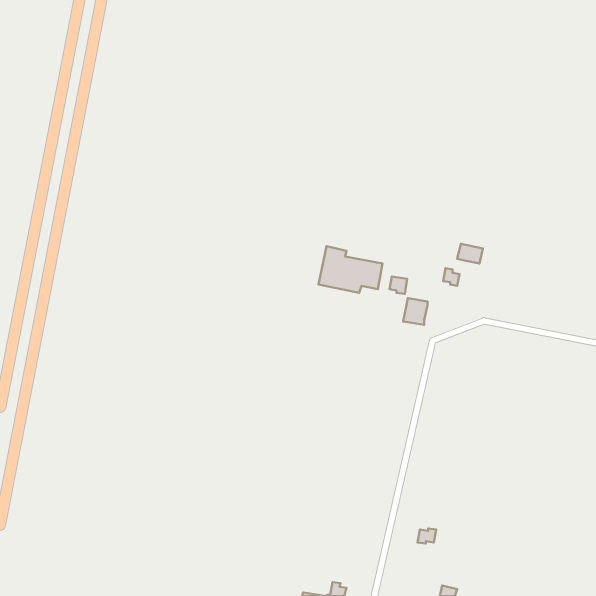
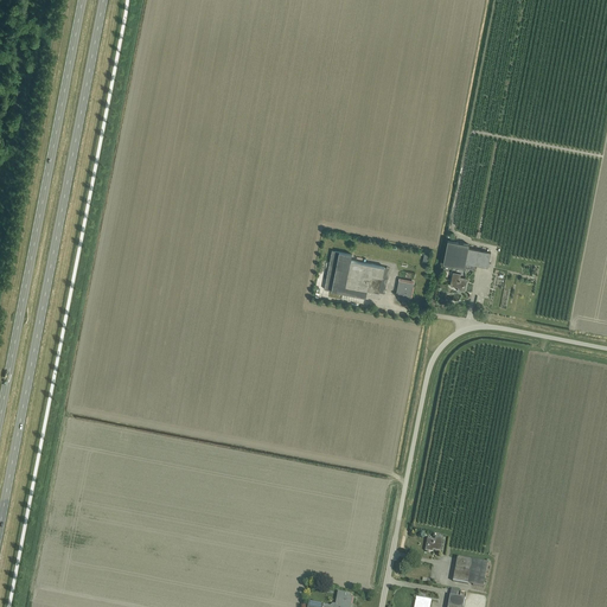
building: [403,298,428,325] -> [443,241,468,268]
building: none -> [453,557,487,587]

